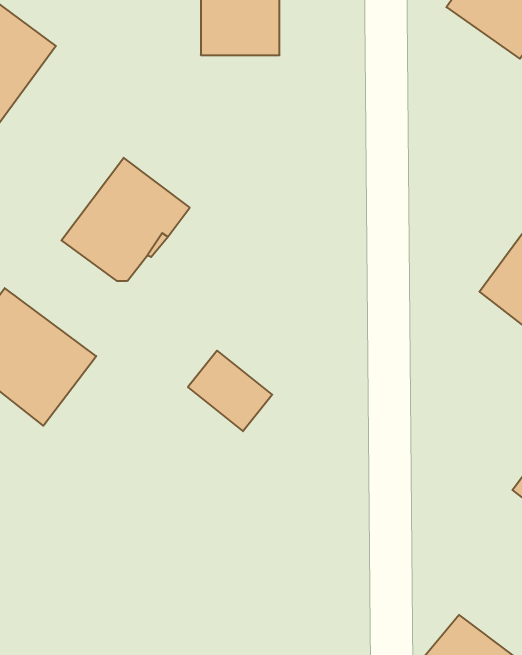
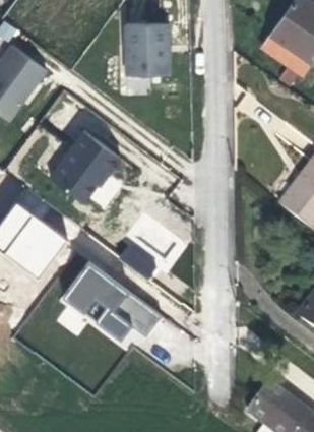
building: none -> [62,260,161,353]

